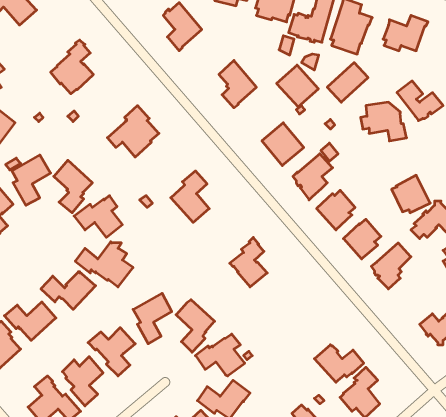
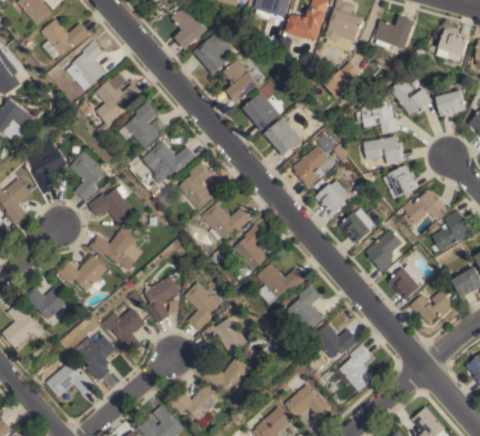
building: none -> [41,19,89,59]
building: none -> [192,33,232,75]
building: [277,65,318,107] -> [241,92,280,131]
building: none -> [96,73,143,135]
building: none -> [363,136,403,165]
building: none -> [141,141,197,184]
building: none -> [201,202,251,241]
building: none -> [257,263,304,305]
building: none -> [388,264,422,300]
building: none -> [288,284,323,332]

